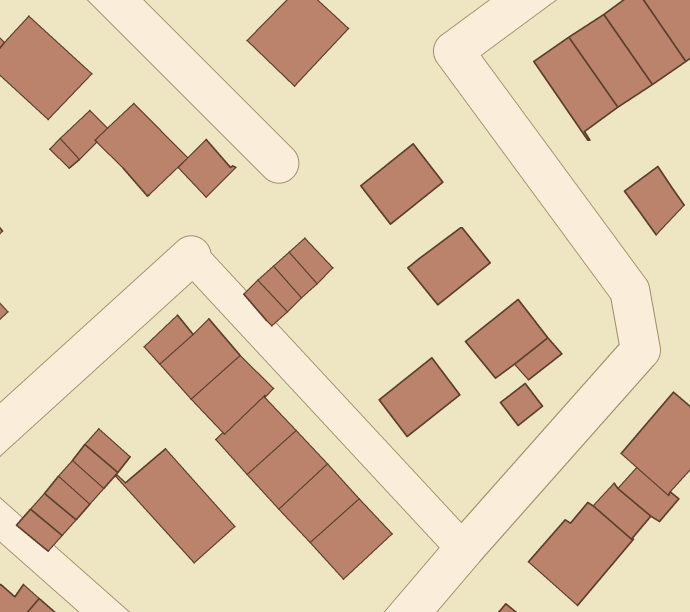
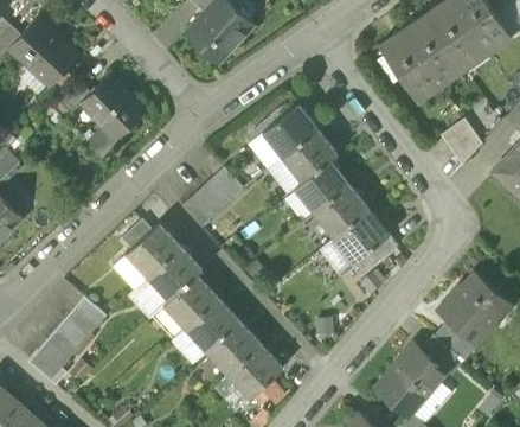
building: [178,139,236,197] -> [81,121,120,160]
building: none -> [281,130,336,183]
building: [379,358,460,437] -> [313,185,367,238]
building: [116,449,235,563] -> none

